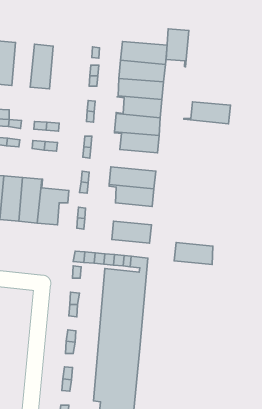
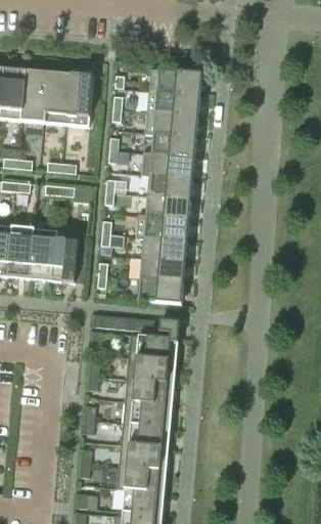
building: [166,29,189,67] -> none
building: none -> [20,70,47,122]
building: none -> [64,74,92,126]
building: [184,102,230,124] -> [136,194,190,220]
building: [174,243,213,264] -> [139,257,184,282]

